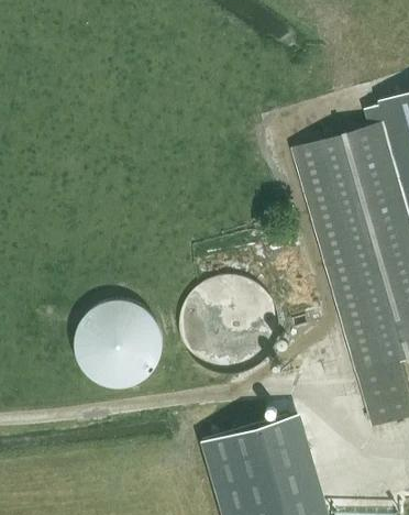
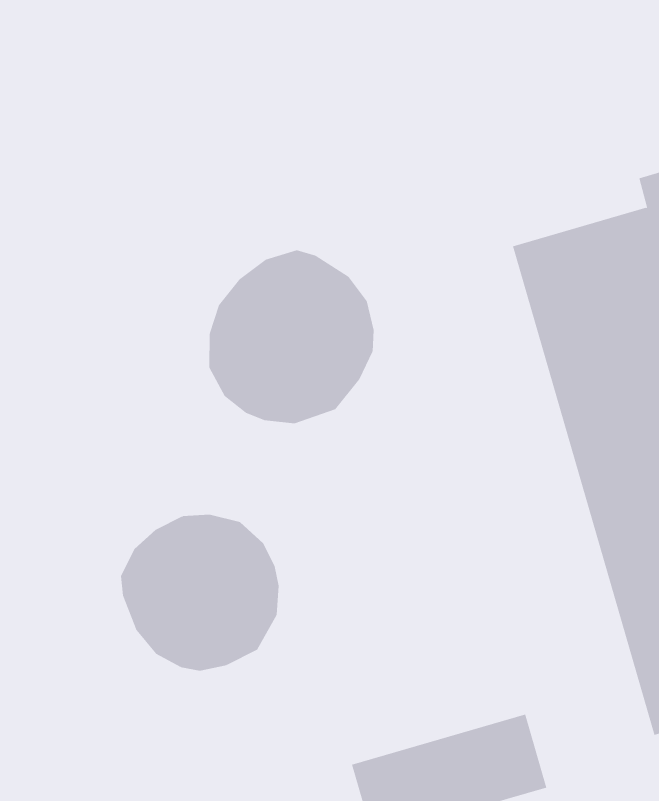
building: none -> [209,249,374,424]
building: [178,275,278,375] -> none

